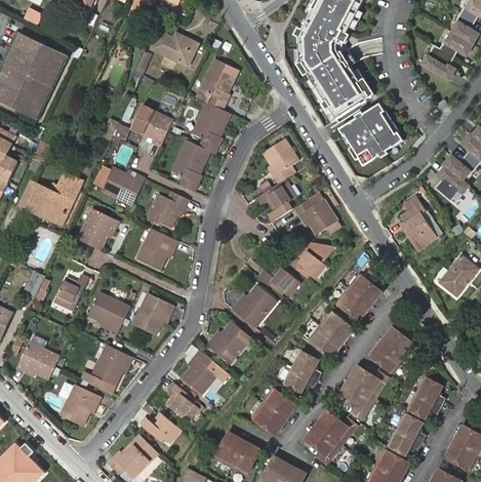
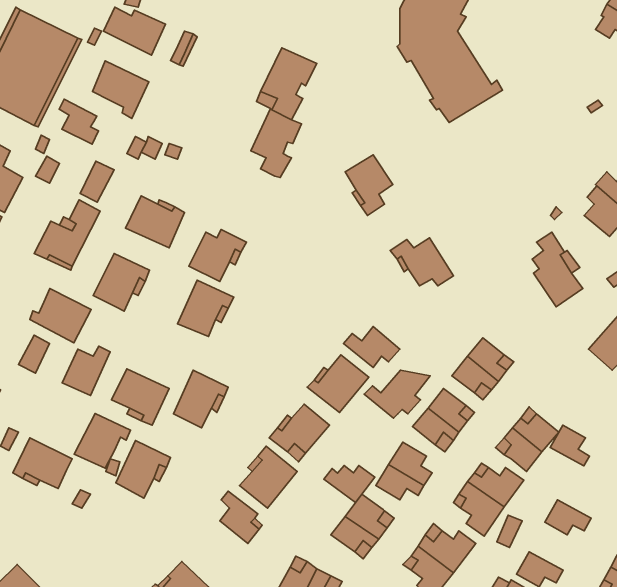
building: [152,32,197,67] -> [104,7,165,55]
building: [420,43,453,77] -> none
building: none -> [59,99,98,144]
building: [338,102,402,164] -> none
building: [132,105,173,147] -> [93,61,149,118]
building: [169,143,208,194] -> none
building: [21,182,45,211] -> [80,161,114,202]
building: [253,184,293,223] -> none
building: none -> [30,288,91,343]
building: [284,243,332,278] -> [364,370,430,418]
building: none -> [324,465,375,502]
building: [414,374,443,404] -> [550,425,590,466]
building: [63,388,104,428] -> [74,413,130,468]
building: [394,413,423,442] -> none
building: [143,414,183,443] -> none

